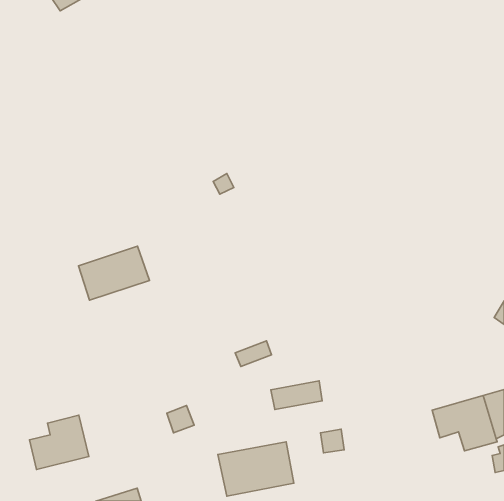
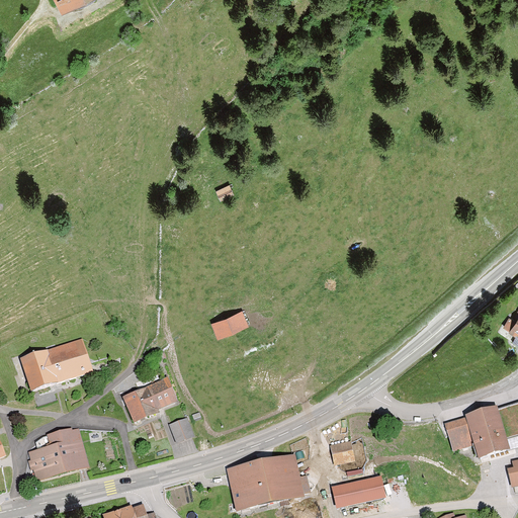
building: [78,246,150,300] -> [22,339,95,395]
building: [235,341,272,367] -> [209,308,247,334]
building: none -> [125,377,181,427]
building: [271,381,322,410] -> [330,476,382,505]

